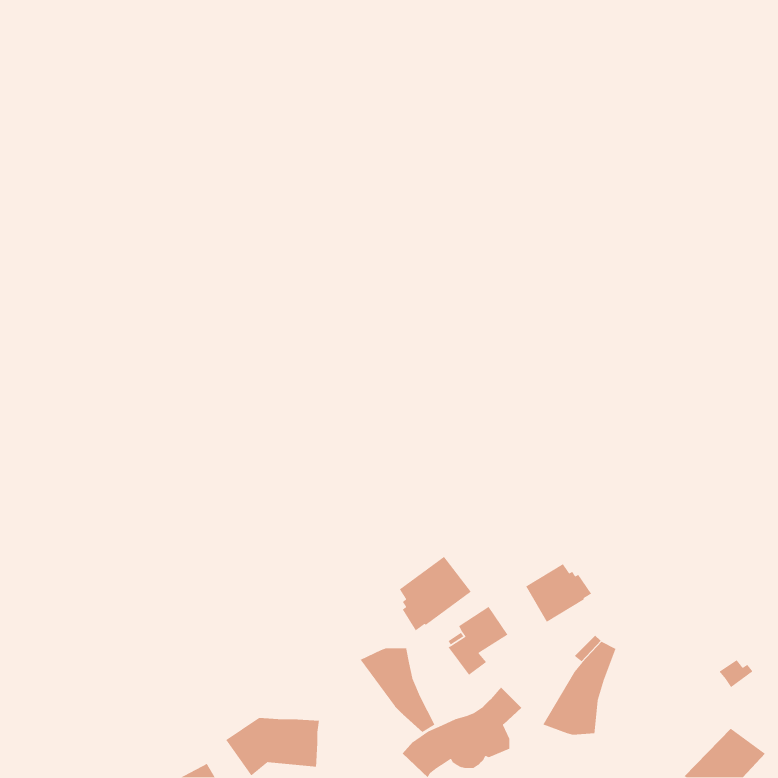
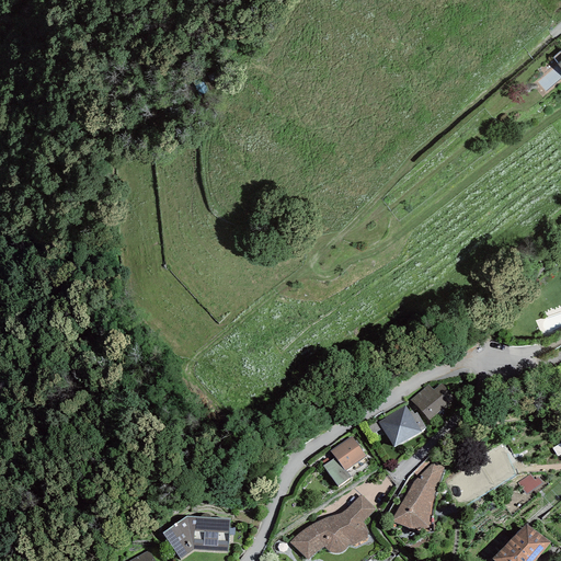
building: none -> [411,381,455,420]
building: [399,556,472,632] -> none
building: [360,647,435,733] -> none

